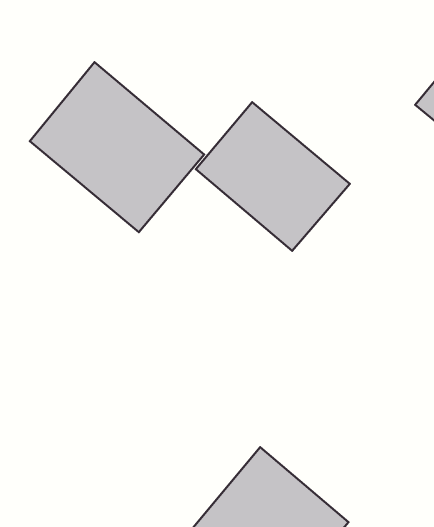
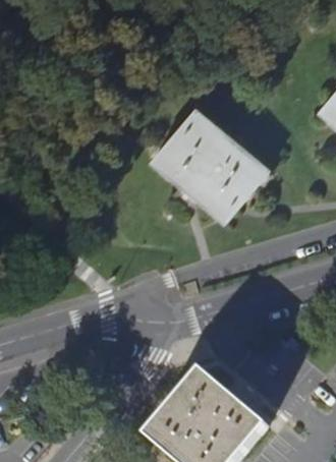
building: [30,62,204,232] -> none

